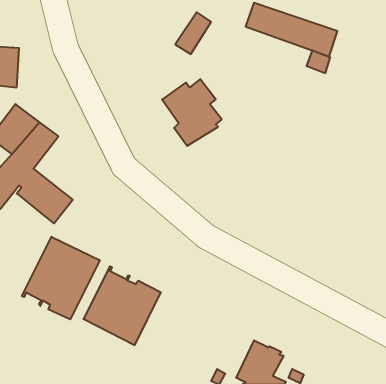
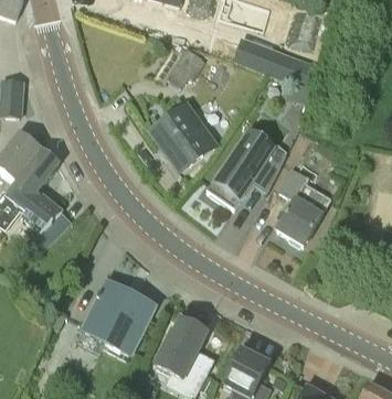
building: none -> [206,127,286,207]
building: none -> [277,164,330,244]
building: [22,237,100,319] -> none
building: none -> [163,317,206,374]

